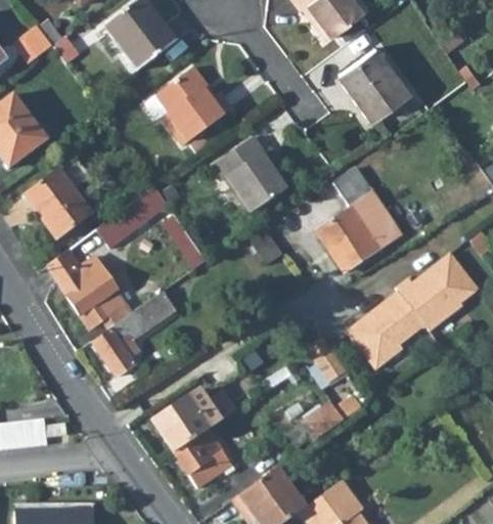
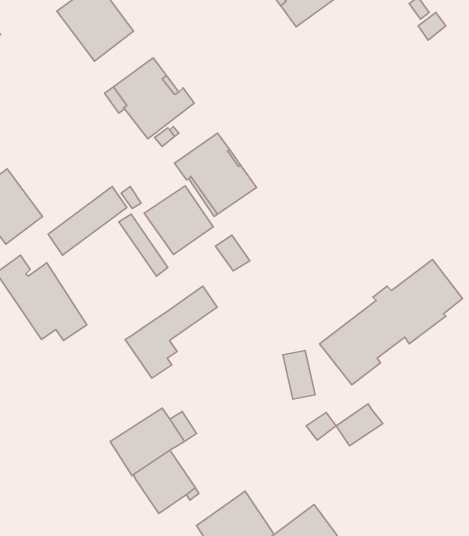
building: [340,46,409,119] -> none
building: [316,167,400,271] -> none
building: none -> [144,186,213,255]
building: [92,291,177,376] -> [125,286,217,378]
building: [302,401,345,440] -> [336,404,383,446]

